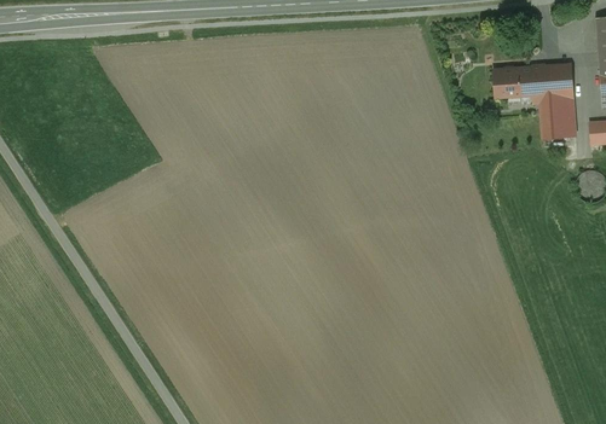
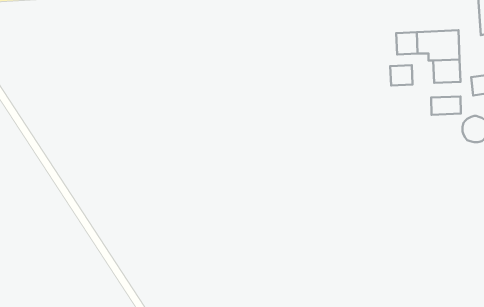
building: none -> [390,65,413,86]
building: none -> [431,96,461,115]

